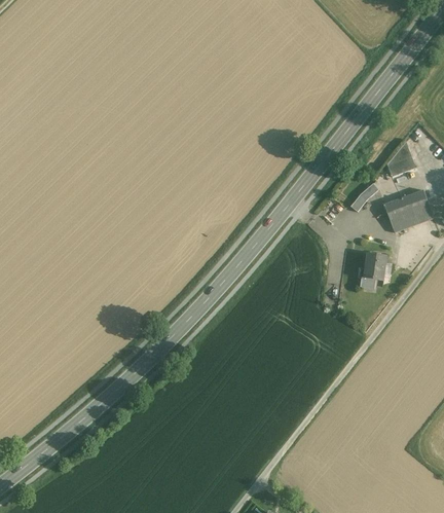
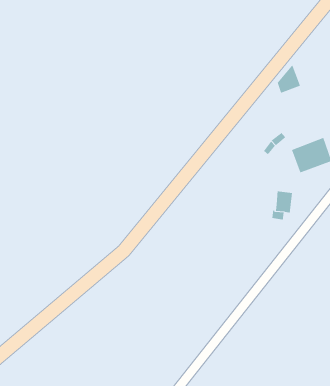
building: [387,140,416,176] -> [277,64,301,94]

